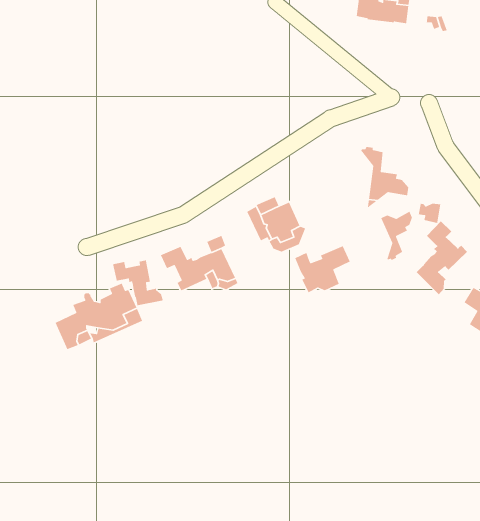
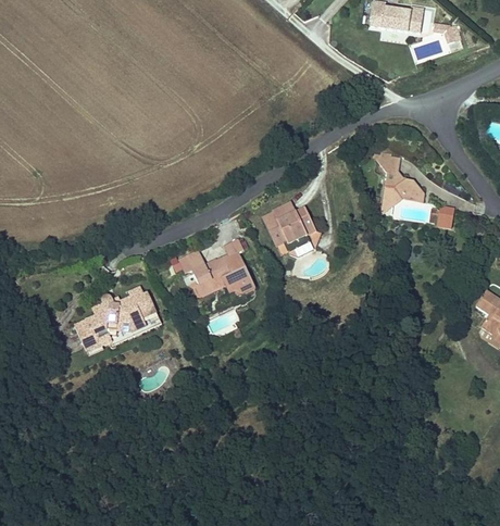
building: [380,211,413,261] -> none
building: [416,221,468,295] -> none
building: [294,245,351,293] -> none
building: [112,260,164,306] -> none

